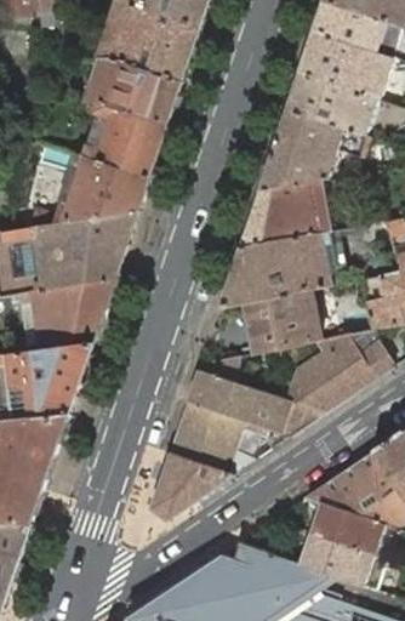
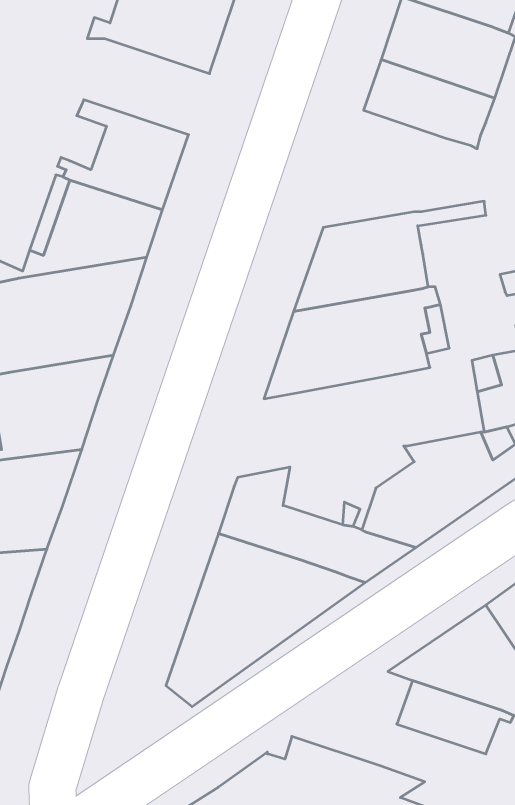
building: [80,58,179,125] -> none
building: [258,108,360,189] -> none
building: [244,291,316,353] -> none
building: [298,534,371,585] -> none

